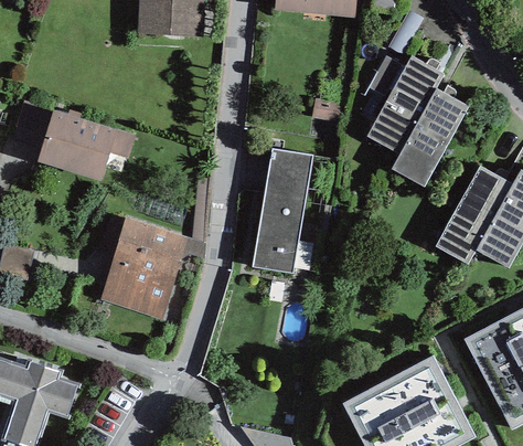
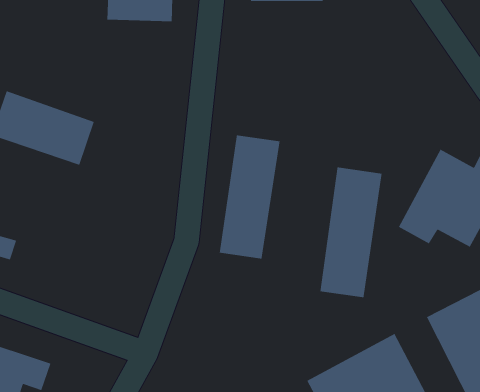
building: [365,55,467,185] -> none
building: none -> [319,167,383,298]
building: [104,219,190,318] -> none

